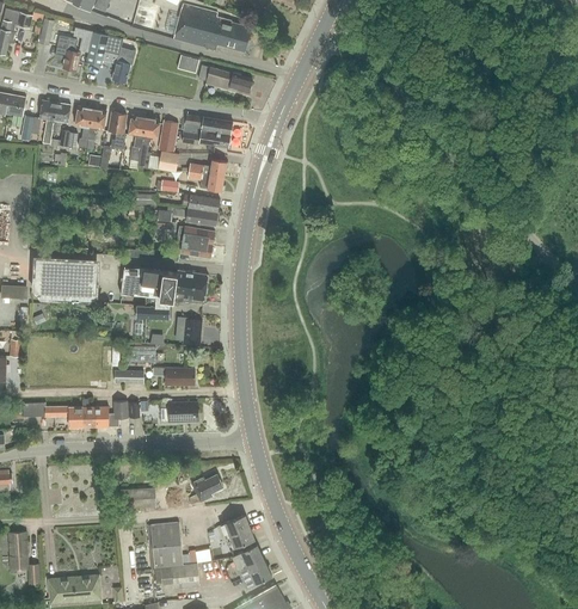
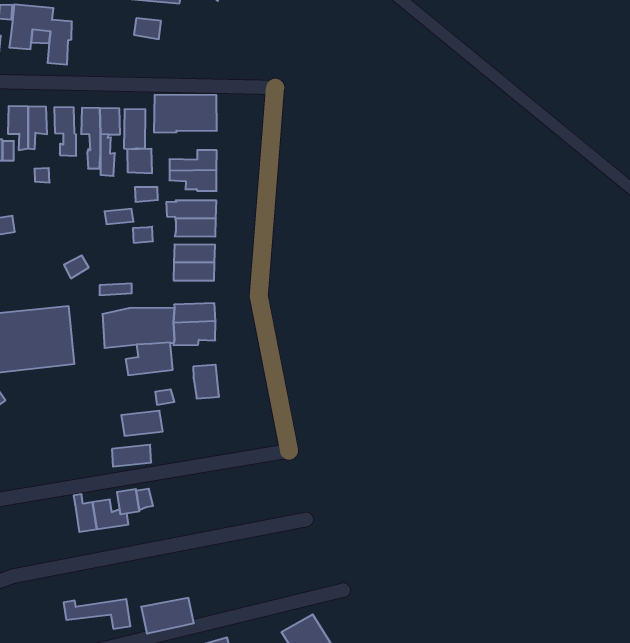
building: [197,64,251,92] -> none
building: [153,368,193,385] -> none
building: [35,401,81,426] -> [64,599,131,629]
building: [160,401,197,420] -> none
building: [189,473,222,504] -> none

